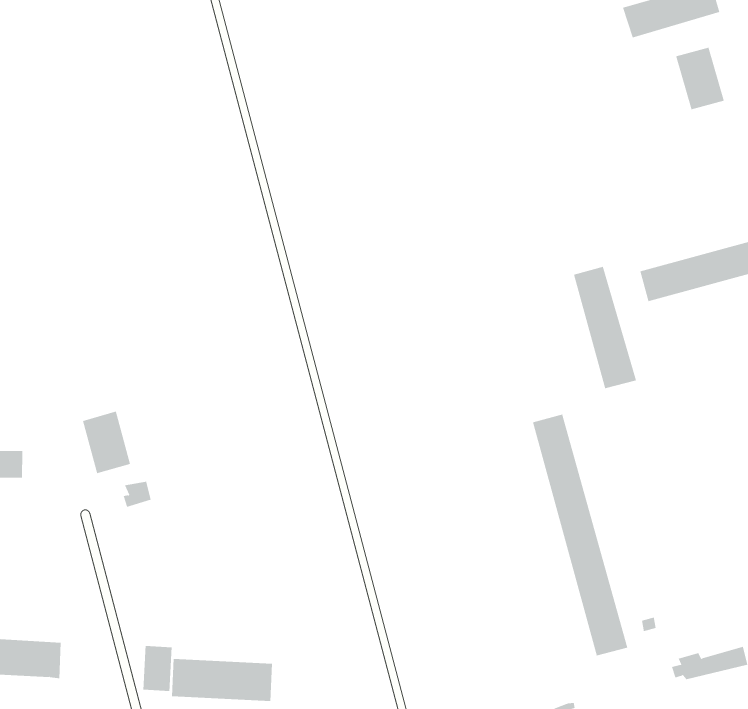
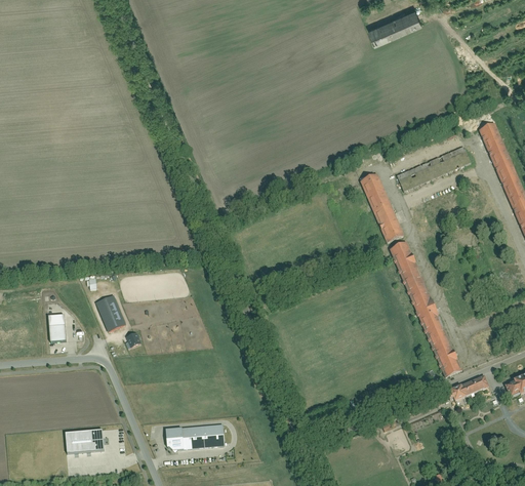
building: [675,47,724,110] -> none
building: [532,414,628,656] -> [391,244,462,377]
building: [143,645,172,692] -> none

